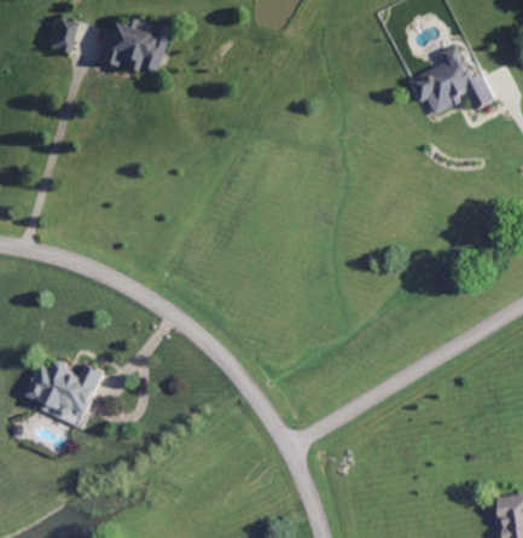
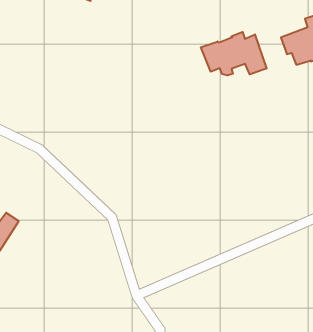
building: none -> [201,32,267,75]

